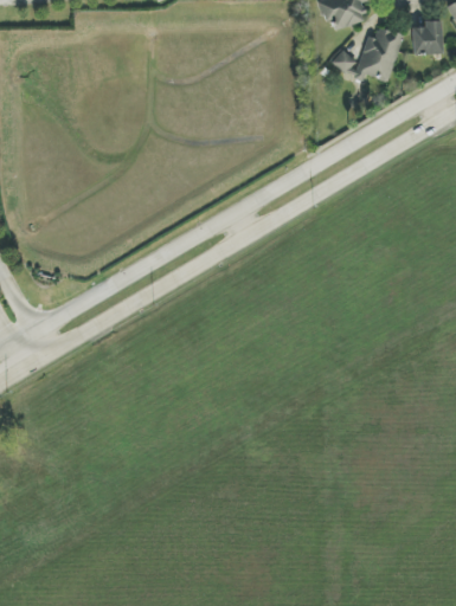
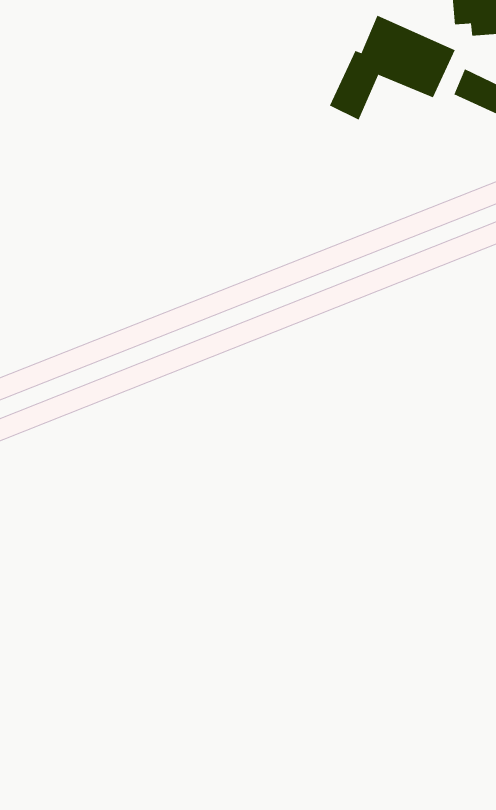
building: none -> [329,15,455,120]

